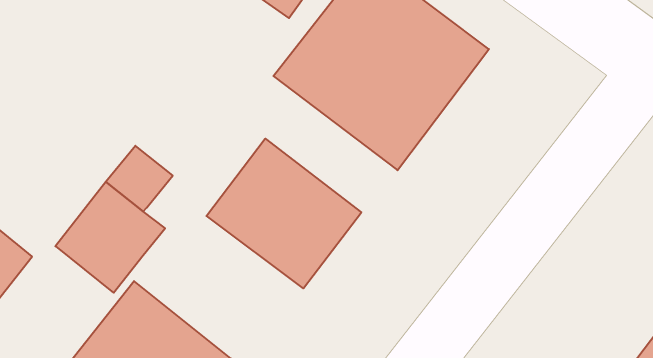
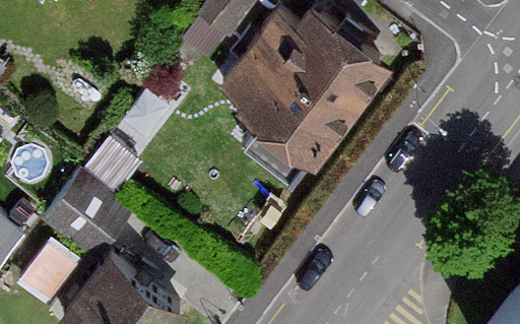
building: [206,139,361,288] -> none

